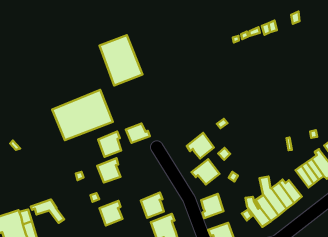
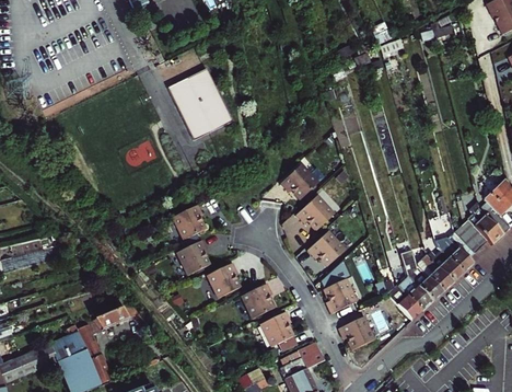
building: [52,90,113,140] -> none
building: none -> [281,166,325,203]
building: [126,123,150,143] -> none
building: none -> [435,233,472,272]
building: [99,201,123,226] -> [209,264,242,299]

